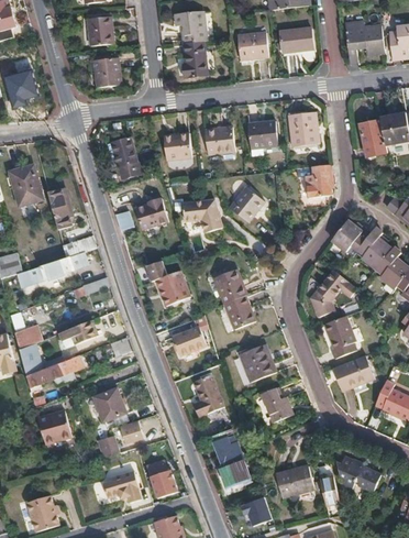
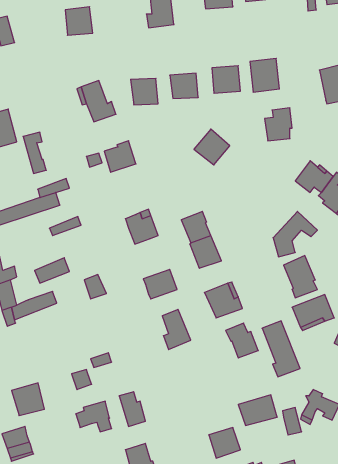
building: [181,199,222,232] -> none
building: [95,387,126,420] -> none
building: [40,409,74,443] -> [12,383,44,416]
building: [211,427,251,485] -> [262,321,300,377]

